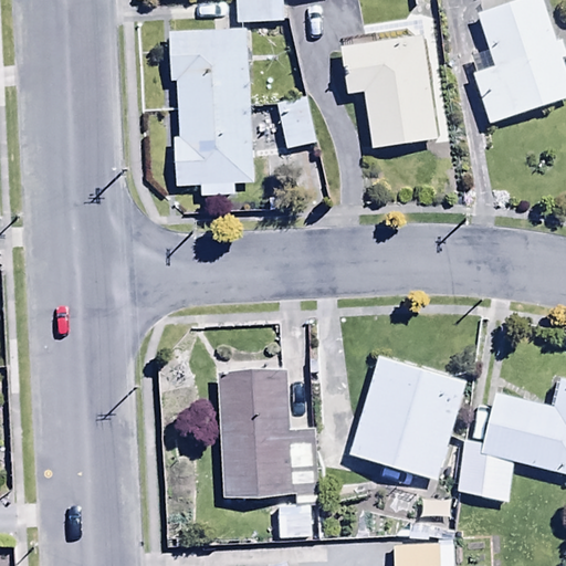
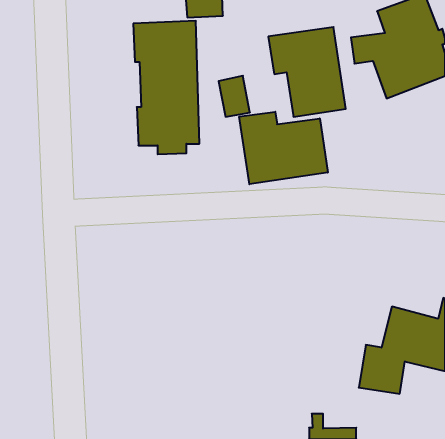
building: none -> [239,112,328,184]
building: [350,356,467,496] -> none
building: [218,371,319,504] -> none

